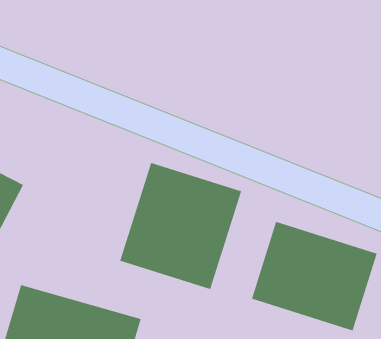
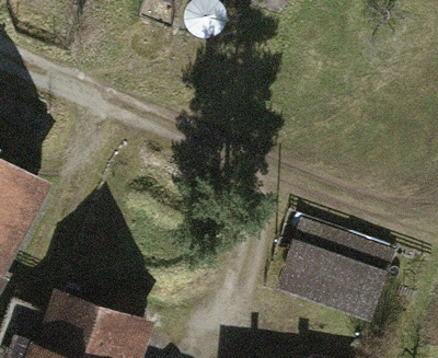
building: [119,162,242,290] -> none

